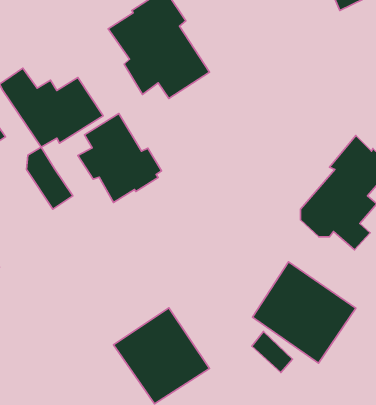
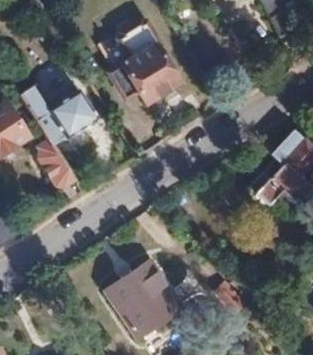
building: [78,114,161,203] -> none
building: [253,262,356,363] -> none

